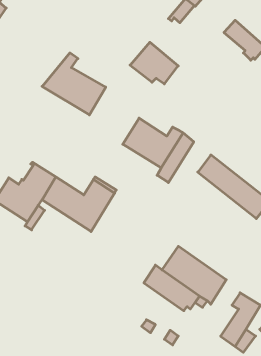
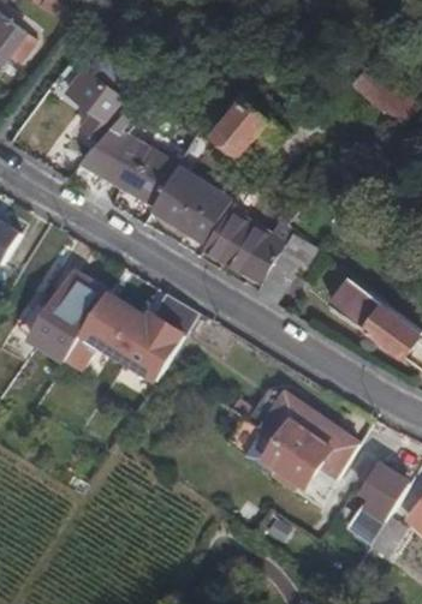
building: none -> [69,67,144,142]
building: none -> [151,165,228,239]

